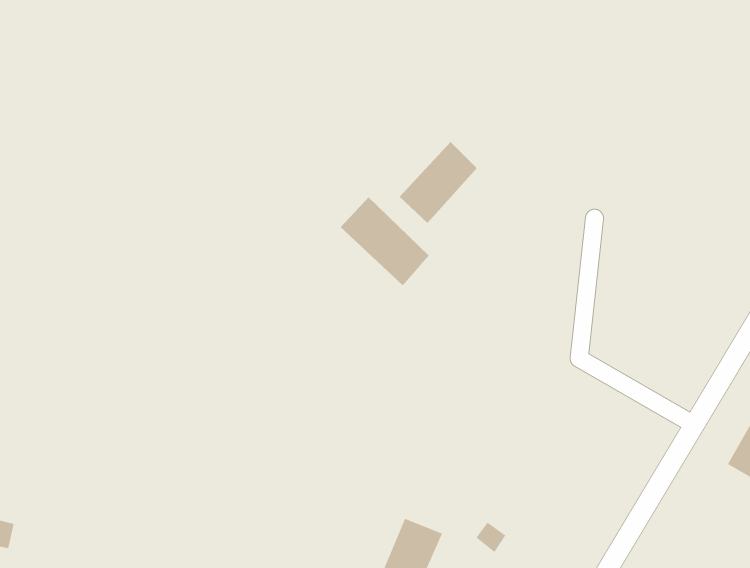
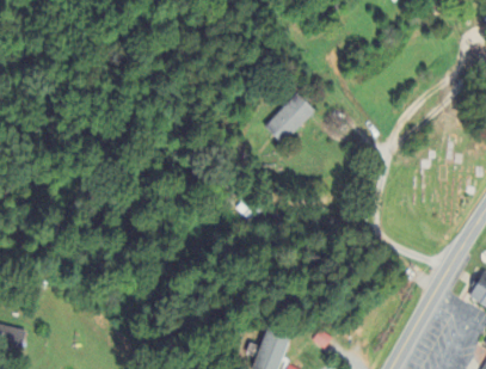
building: [340,196,429,286] -> none

